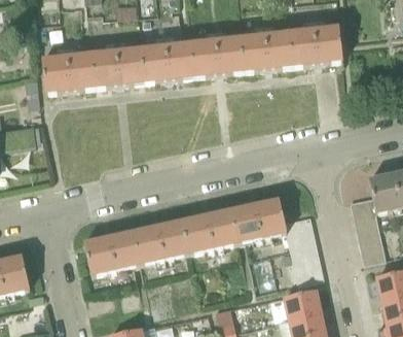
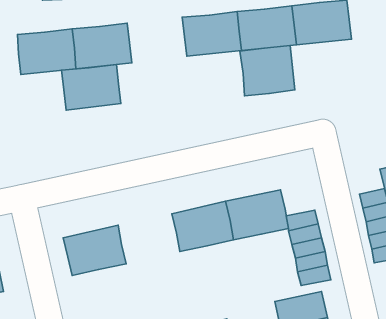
building: [141,41,194,82] -> [61,65,121,110]
building: none -> [240,45,295,96]
building: [133,218,188,264] -> none

